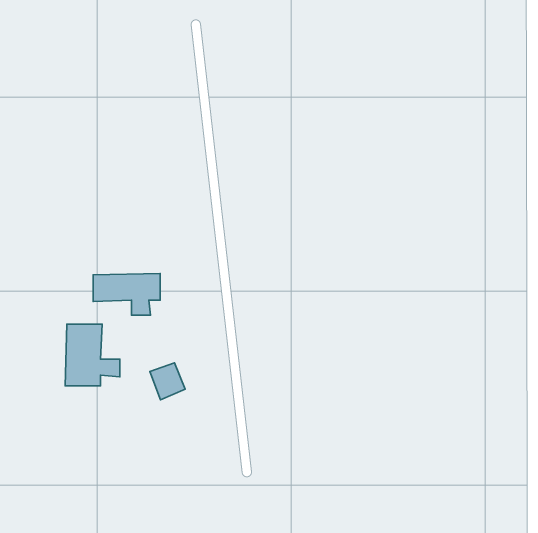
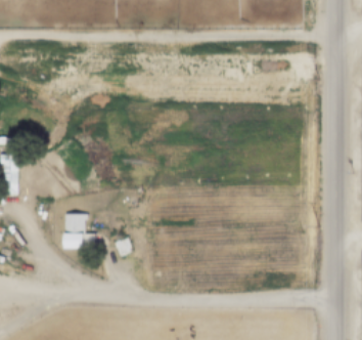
building: [93,273,160,315] -> none

